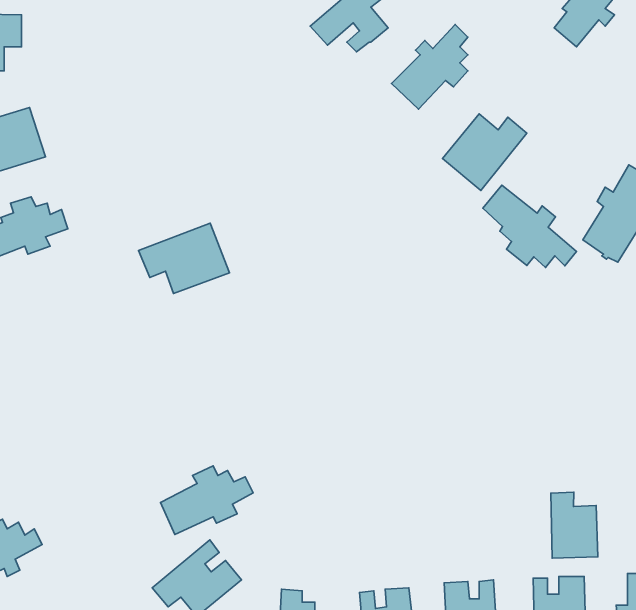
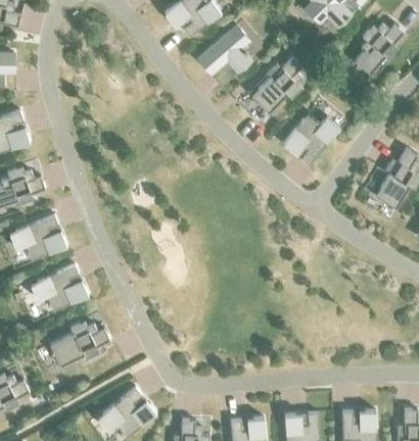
building: [483,185,577,267] -> none
building: [139,223,229,293] -> [8,214,66,259]
building: none -> [30,264,88,310]
building: [161,466,253,534] -> [50,322,109,365]
building: [551,492,598,558] -> none

